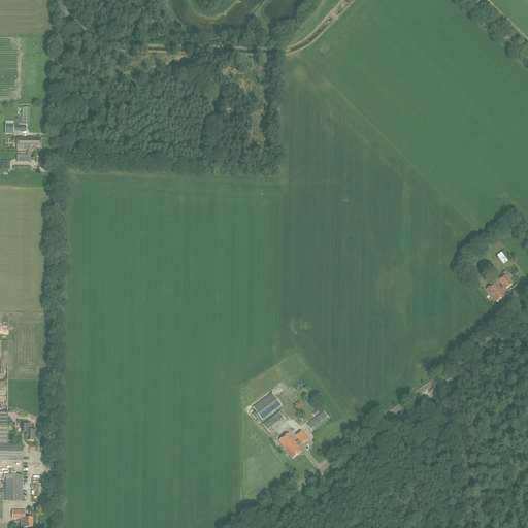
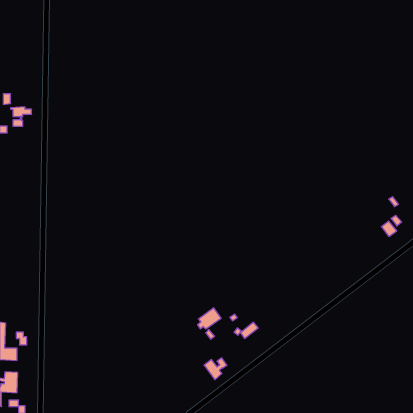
building: [278,430,307,458] -> [204,358,227,380]

